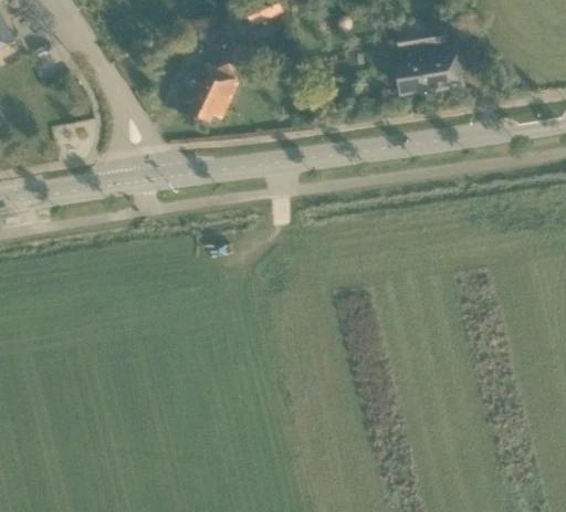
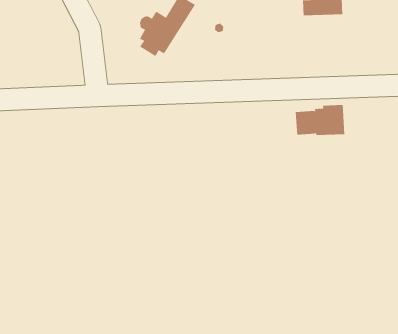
building: [395,50,463,96] -> [295,104,345,135]

